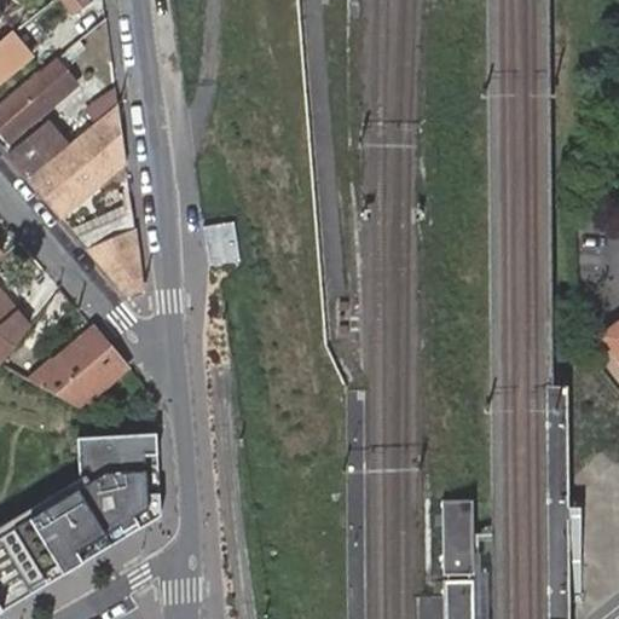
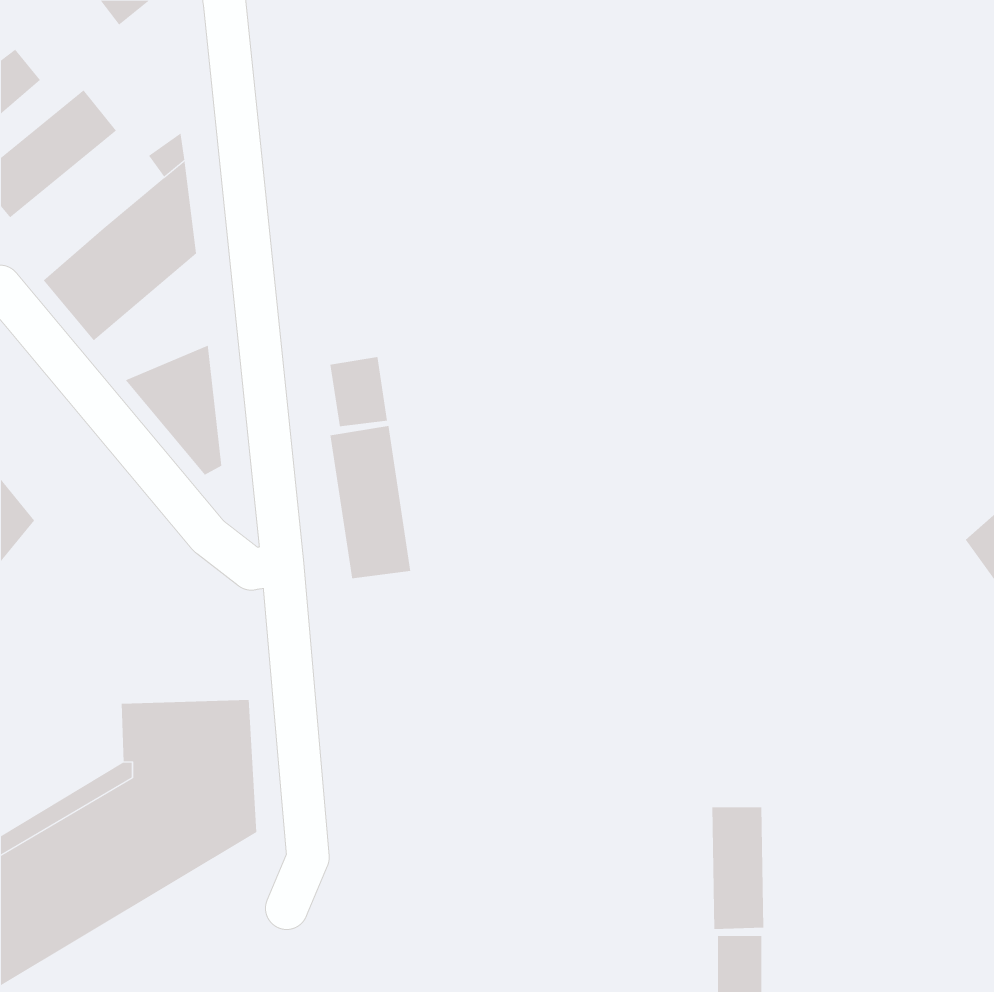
building: [7,120,65,177] -> none
building: none -> [330,425,411,579]
building: [27,328,122,404] -> none

